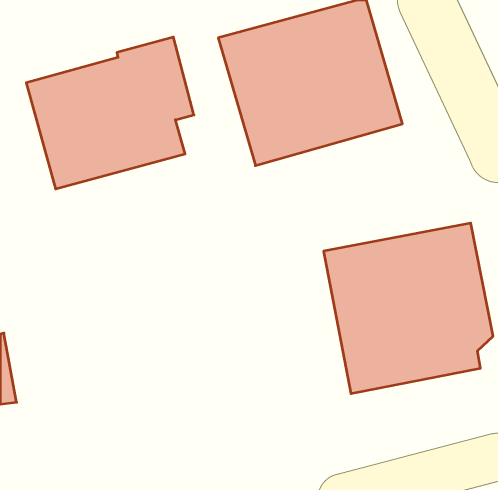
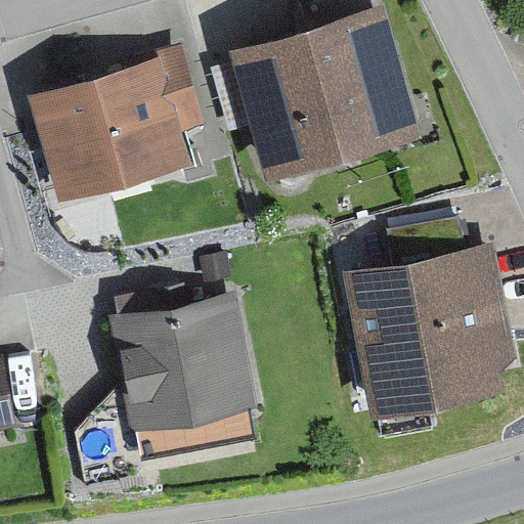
building: none -> [106,295,258,463]

